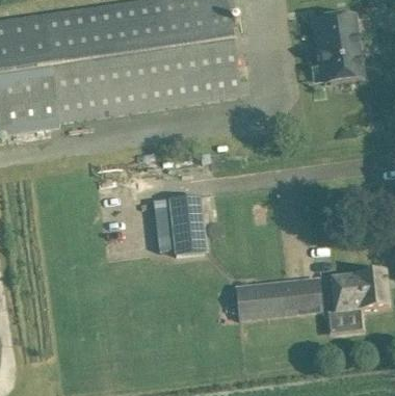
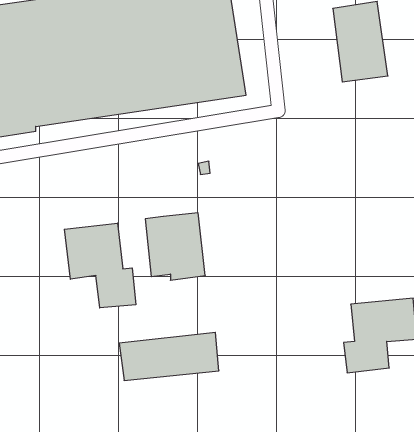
building: none -> [64,223,136,308]
building: [236,276,322,318] -> [119,332,219,380]

